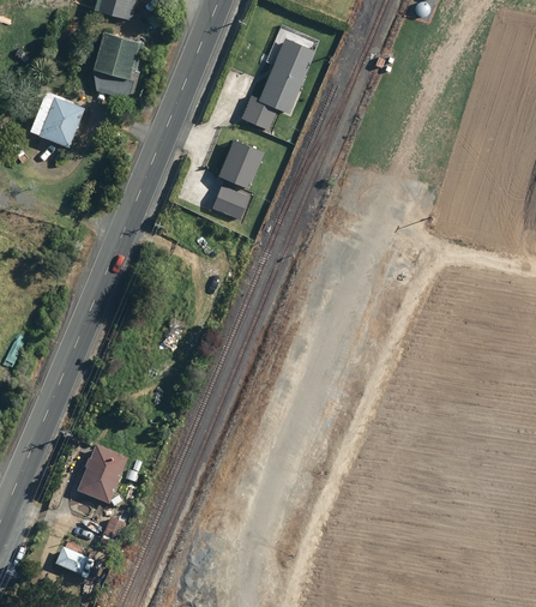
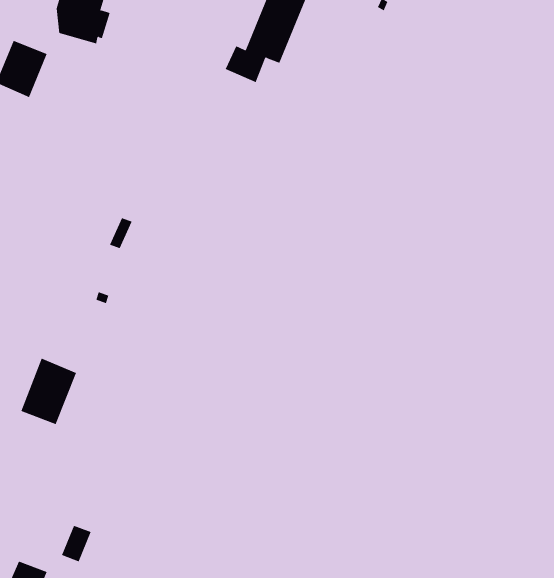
building: [218,140,263,188] -> none
building: [212,187,247,218] -> none
building: [77,445,126,504] -> [20,358,77,425]

